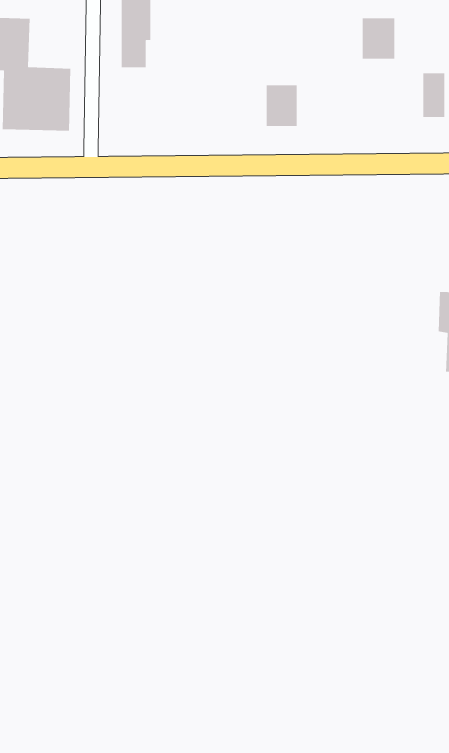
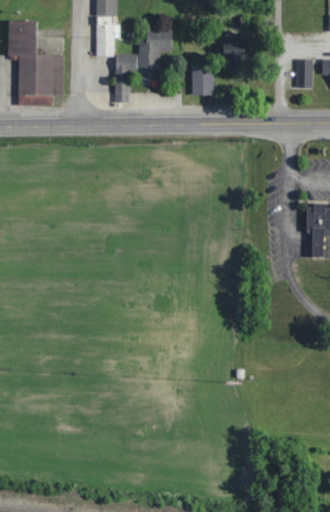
building: [362,17,395,60] -> [225,39,247,67]
building: none -> [115,30,172,103]

